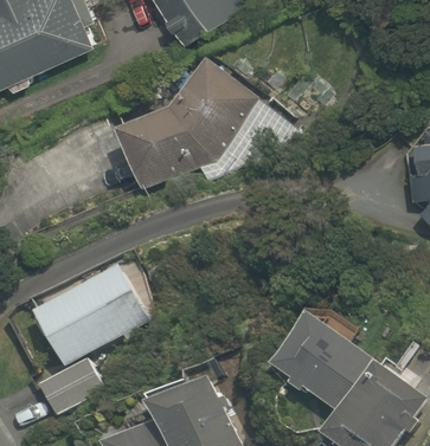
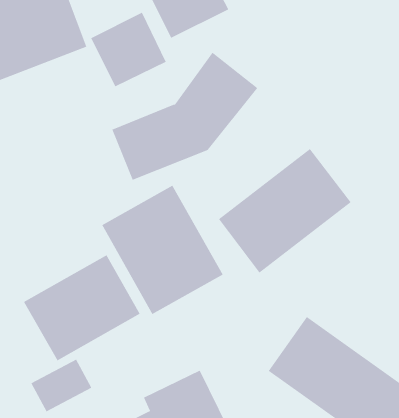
building: none -> [90,12,166,87]
building: none -> [218,148,351,273]
building: none -> [101,185,223,315]

